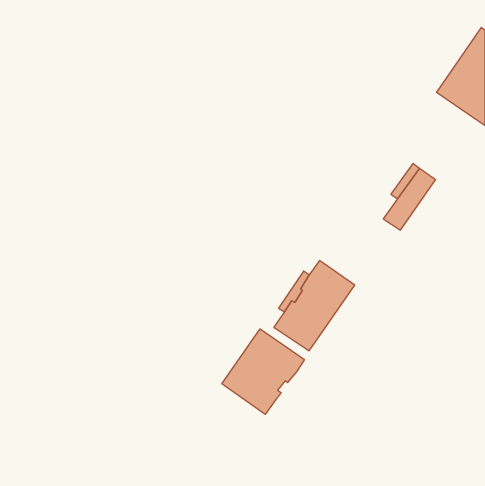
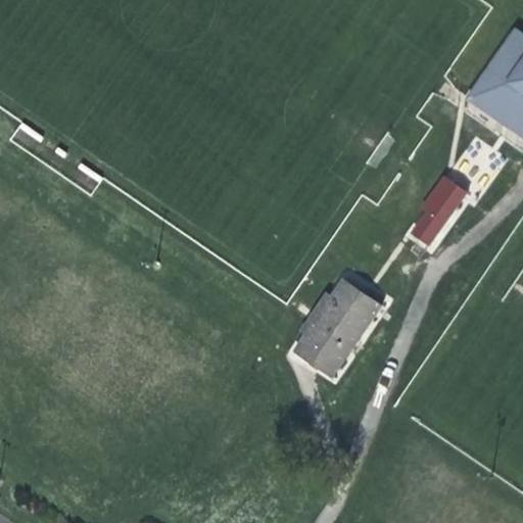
building: [222,329,304,414] -> none

